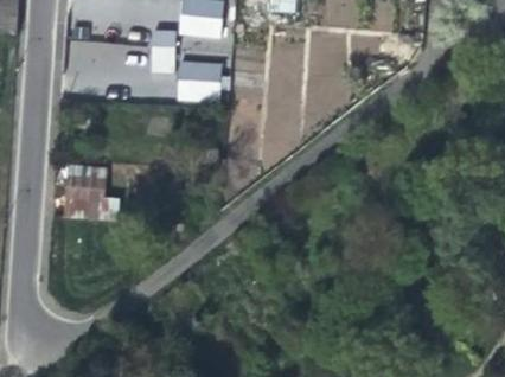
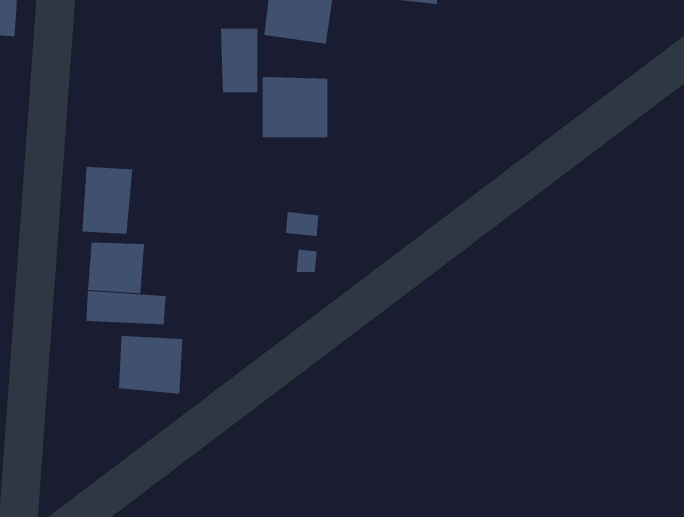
building: none -> [82,166,133,235]
building: none -> [118,335,183,395]

